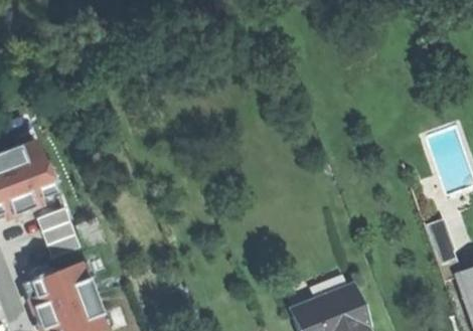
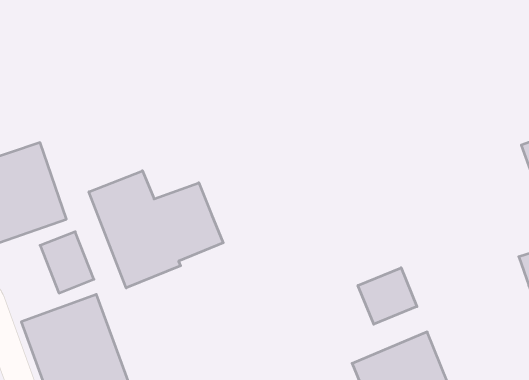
building: none -> [89,171,223,288]
building: none -> [358,268,417,324]

